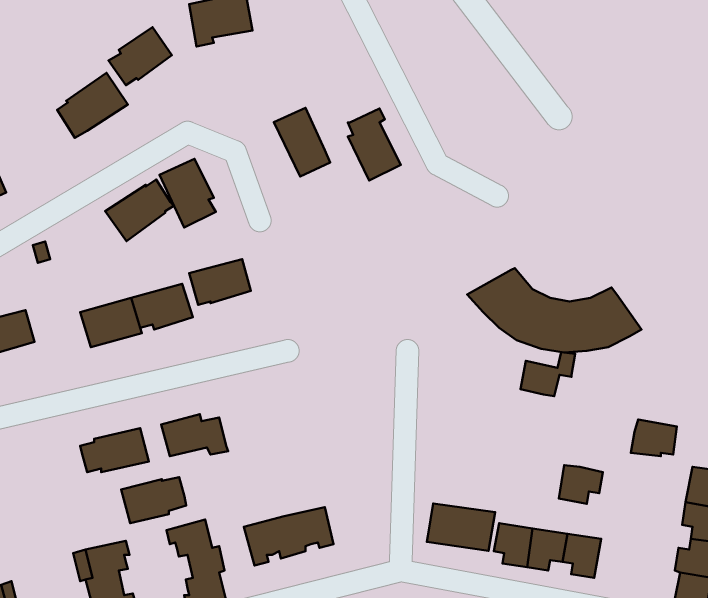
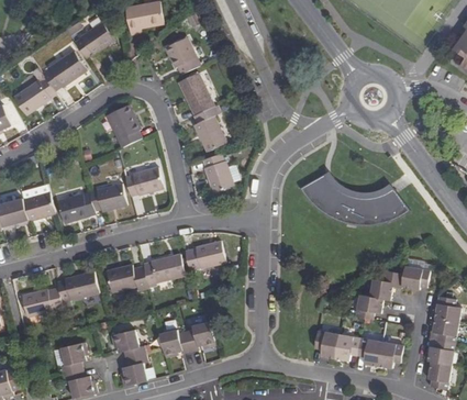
building: none -> [164,37,200,75]
building: [348,108,401,181] -> [192,107,225,152]
building: [105,179,174,241] -> [12,77,55,115]
building: none -> [202,153,233,192]
building: none -> [20,185,54,221]
building: [521,352,575,396] -> [368,274,402,301]
building: none -> [184,240,224,269]
building: none -> [143,254,184,284]
building: [121,477,186,523] -> [21,288,62,316]
building: [427,503,495,551] -> none
building: none -> [377,342,403,369]

